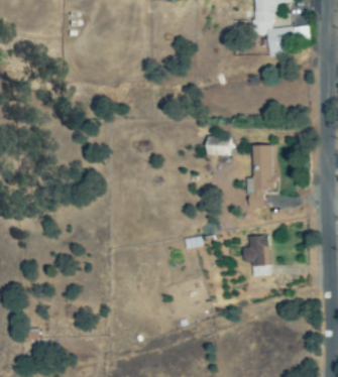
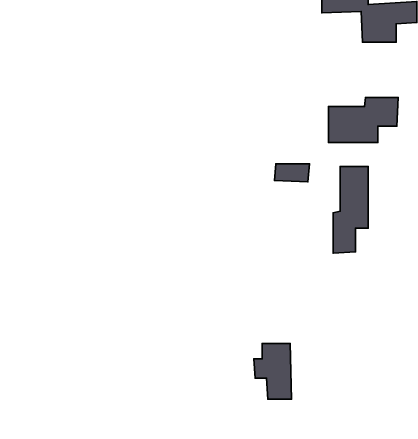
building: none -> [329,97,398,143]
building: [243,236,270,276] -> [254,343,292,399]

